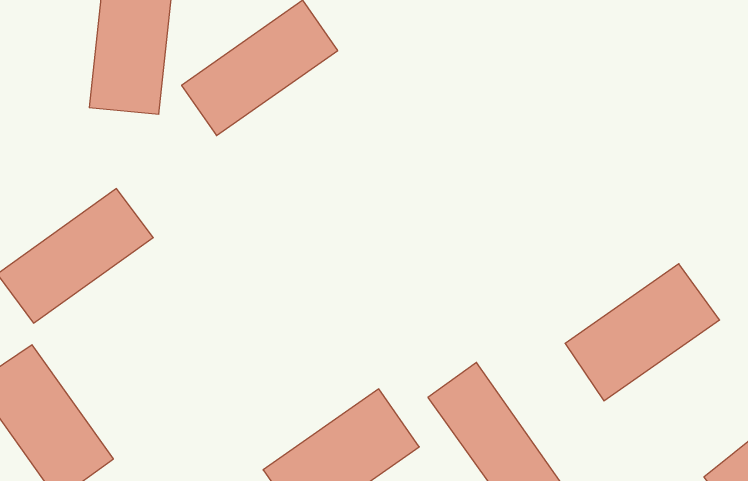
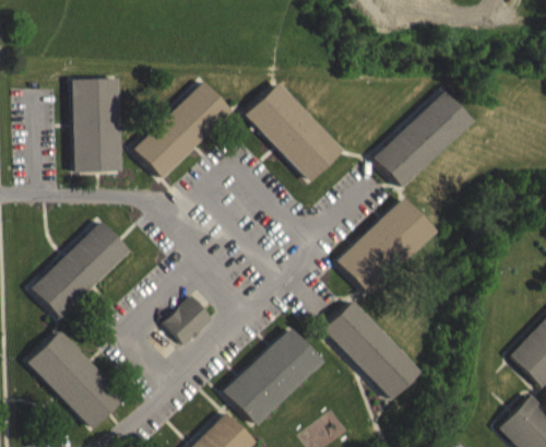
building: none -> [247,82,344,181]
building: none -> [375,92,473,187]
building: [565,264,720,401] -> [337,198,436,294]
building: none -> [165,295,215,346]

